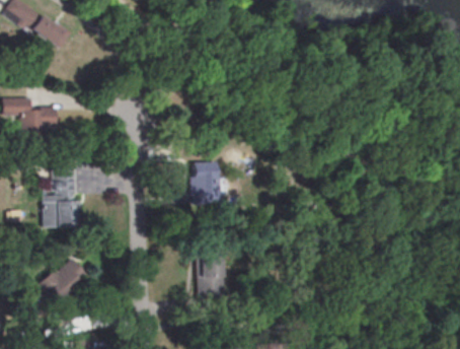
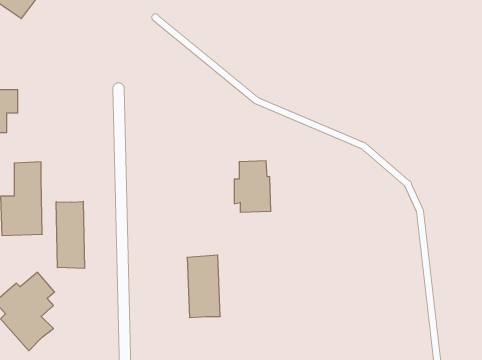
building: [190,161,221,204] -> [234,161,271,212]
building: none -> [56,201,84,268]

